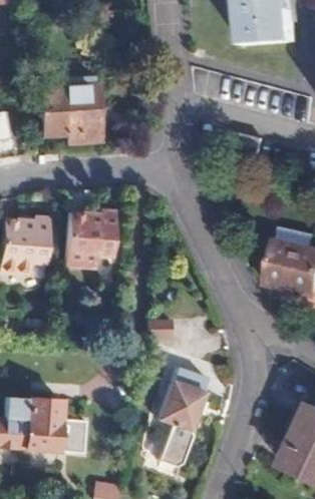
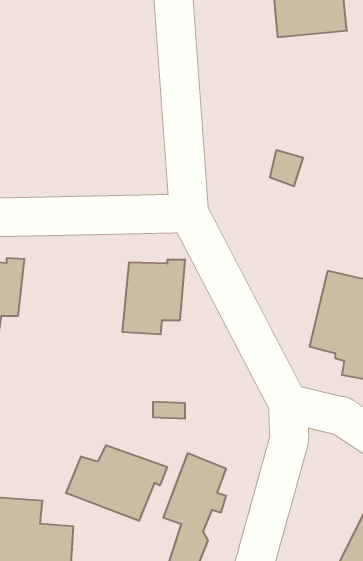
building: [37,76,101,142] -> none
building: [65,205,114,264] -> [122,260,185,334]
building: none -> [66,445,167,521]

